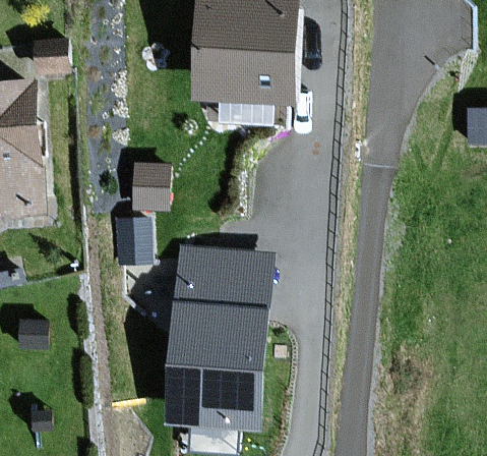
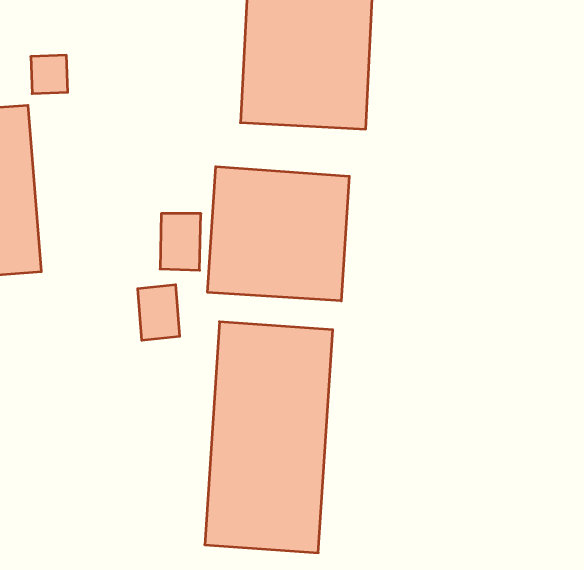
building: none -> [208,167,349,301]

